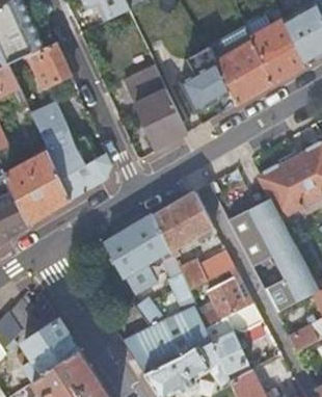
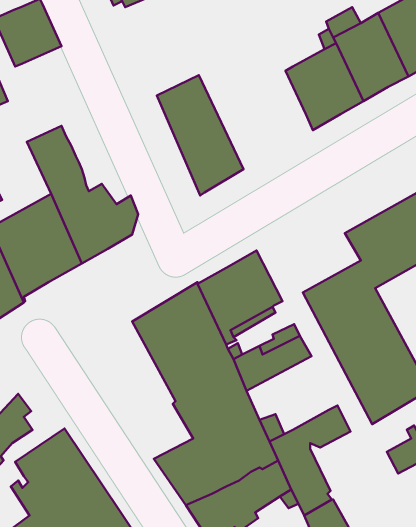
building: [27,44,70,87] -> none
building: [178,46,231,111] -> none
building: [207,276,247,319] -> none

